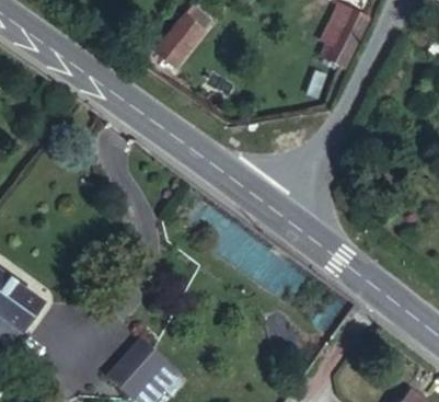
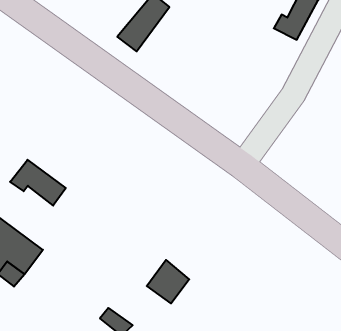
building: none -> [10,160,66,206]
building: [129,341,177,390] -> [147,260,189,303]

